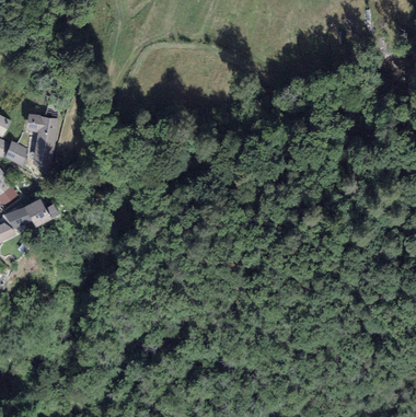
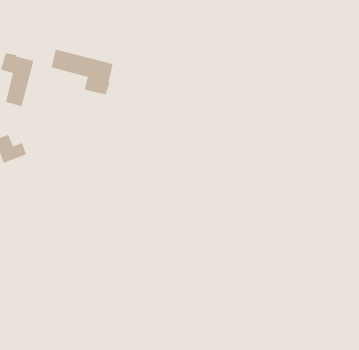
building: none -> [51,49,113,95]

